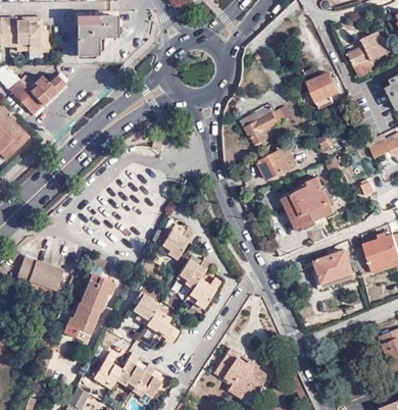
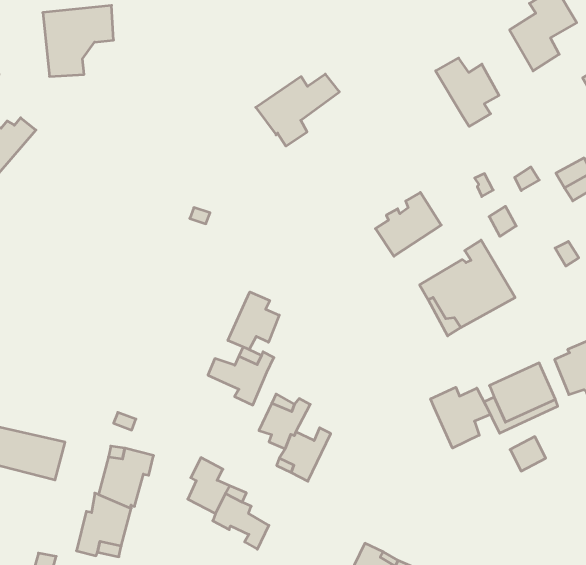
building: [240,105,290,145] -> [256,74,339,146]
building: none -> [228,292,279,349]
building: none -> [431,387,490,448]

